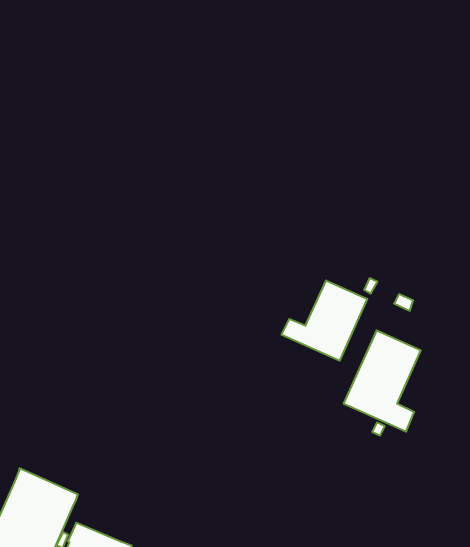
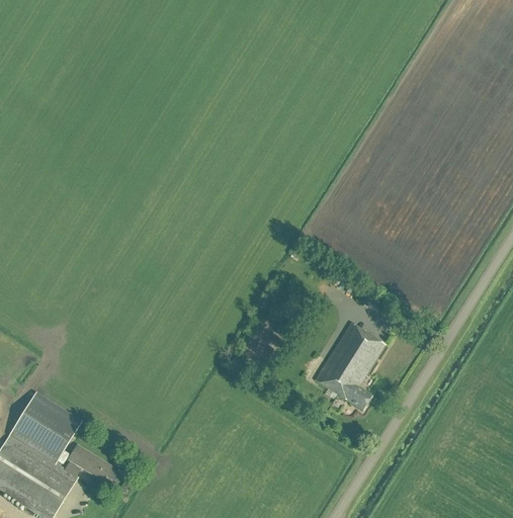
building: [282,280,367,361] -> none

